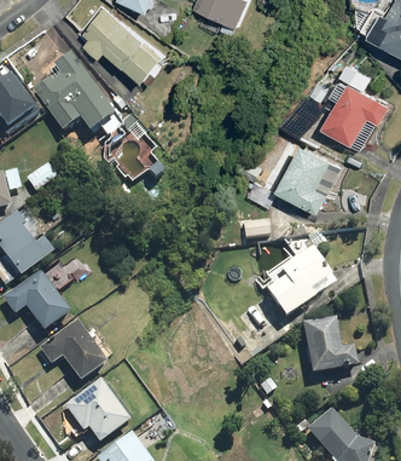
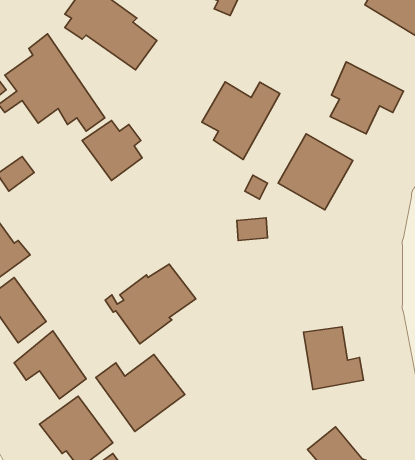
building: none -> [202,82,280,159]
building: [250,248,332,321] -> [105,264,196,344]
building: none -> [96,354,185,432]

